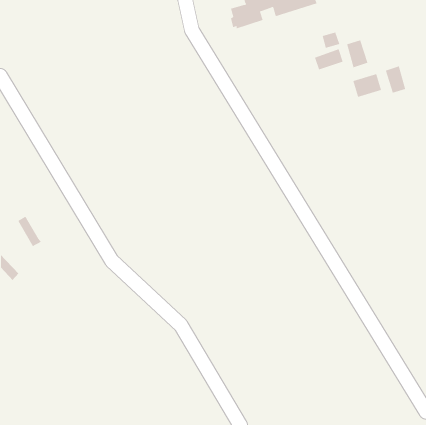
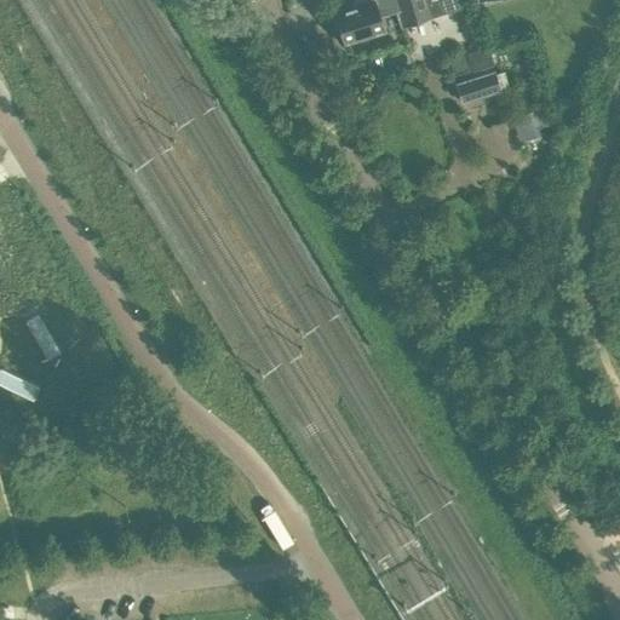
building: [347,40,368,68] -> none
building: [385,65,406,94] -> none

